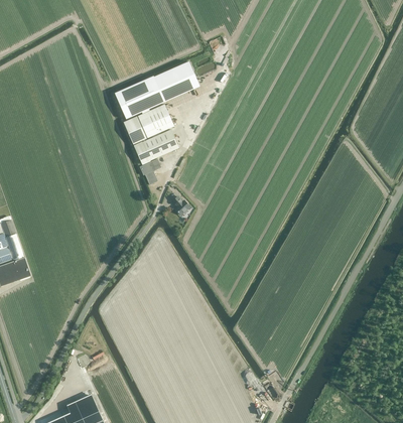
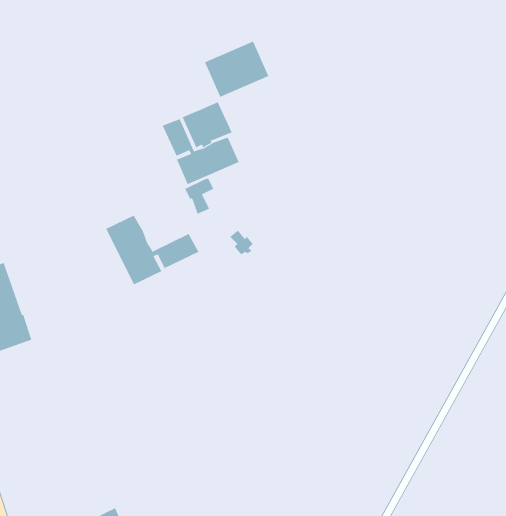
building: [114,77,164,119] -> none
building: none -> [106,215,199,285]

